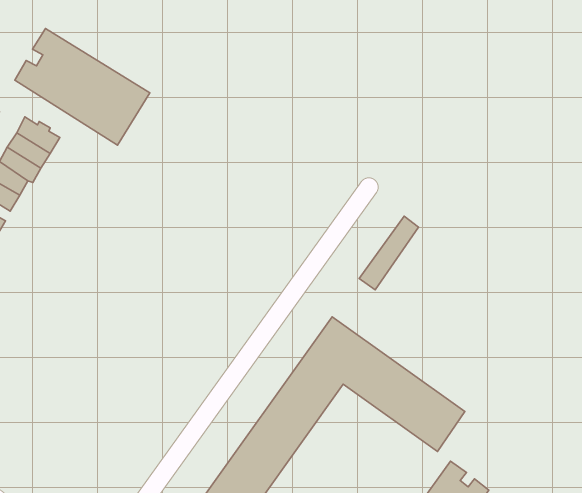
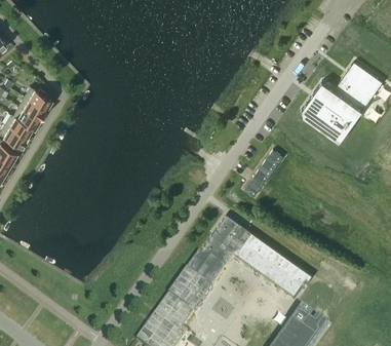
building: [15,29,150,145] -> none
building: none -> [301,61,381,142]

